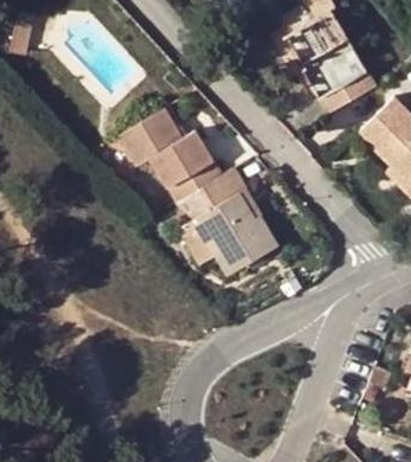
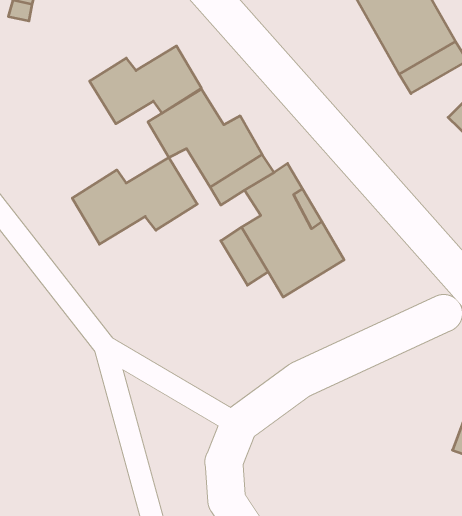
building: none -> [90,46,201,124]
building: none -> [72,158,197,244]

